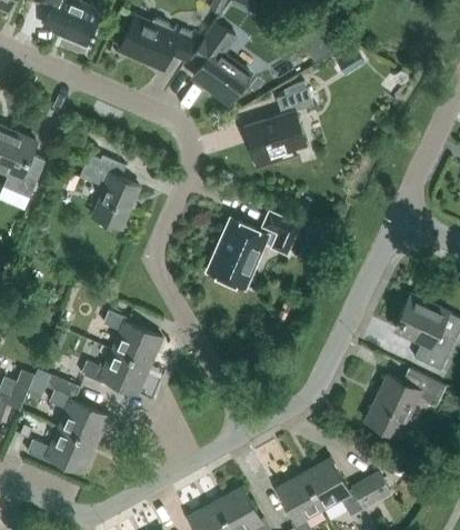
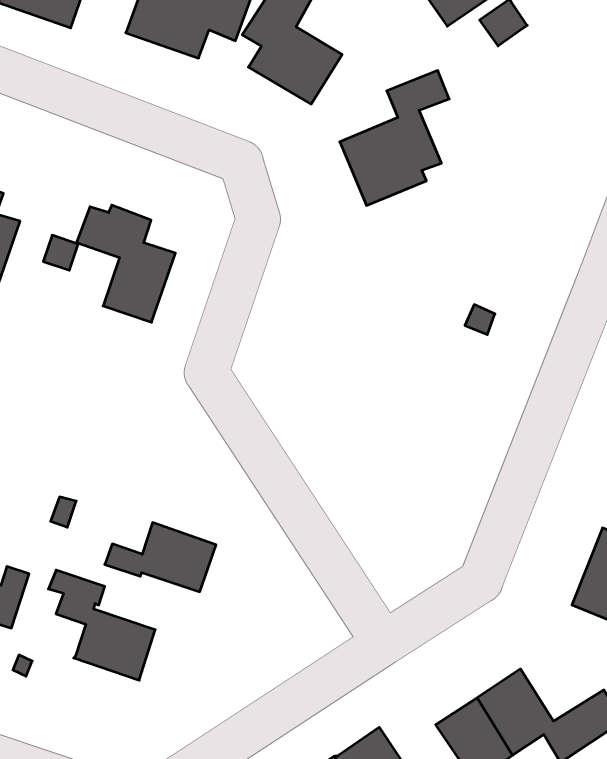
building: [207,212,299,289] -> none
building: [103,312,163,368] -> none
building: [28,430,97,474] -> none

